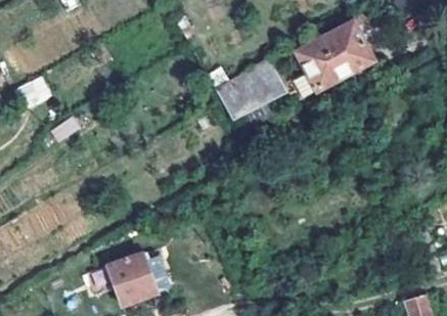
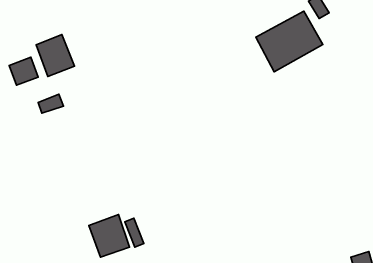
building: none -> [36,35,75,76]
building: [212,58,282,118] -> none

